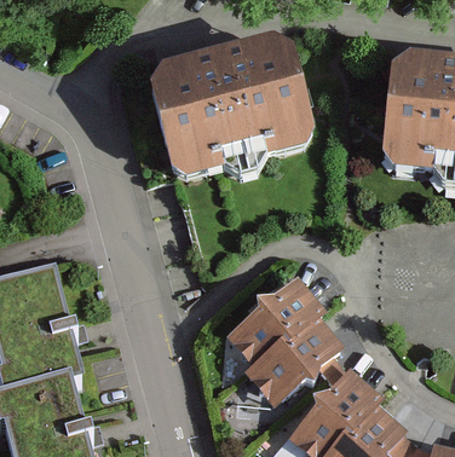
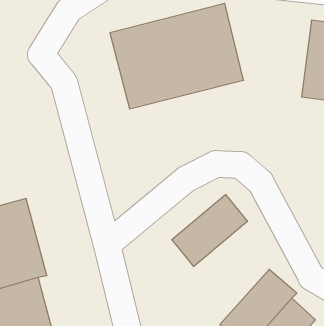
building: [246,313,342,403] -> none

